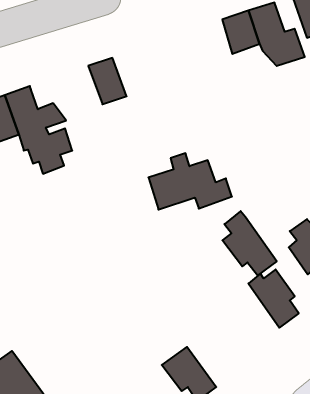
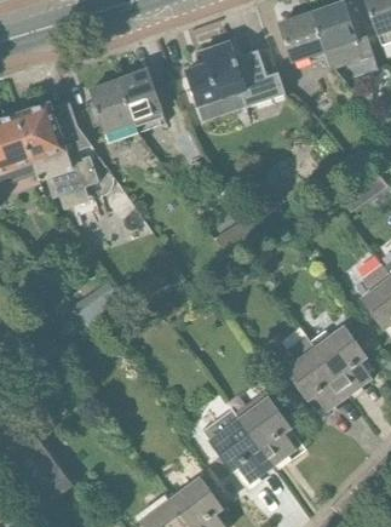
building: none -> [86,80,138,144]
building: [148,153,232,210] -> [185,41,286,109]
building: [222,211,277,275] -> [283,334,349,412]
building: none -> [237,396,297,466]

